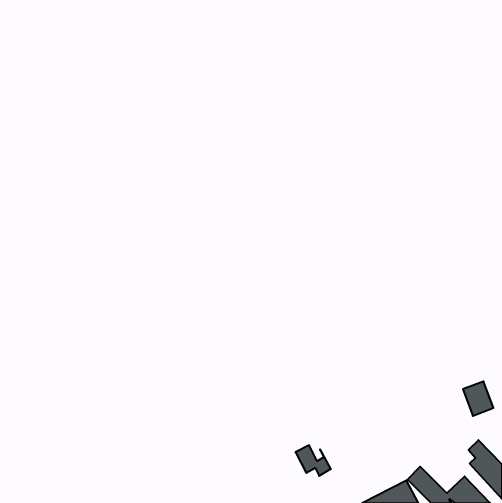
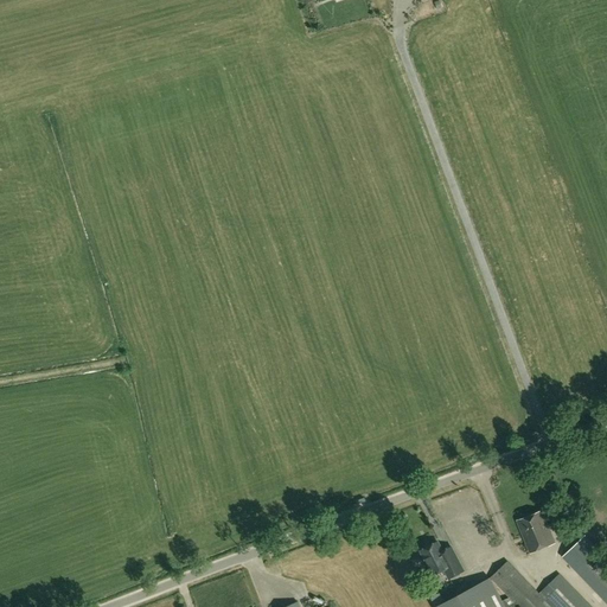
building: [463,381,493,416] -> [517,511,554,552]
building: [295,445,331,476] -> [420,542,462,579]

